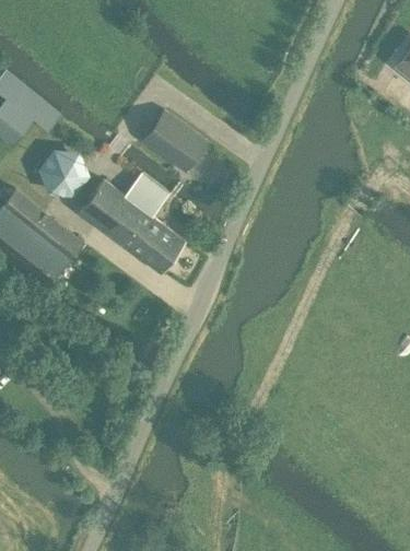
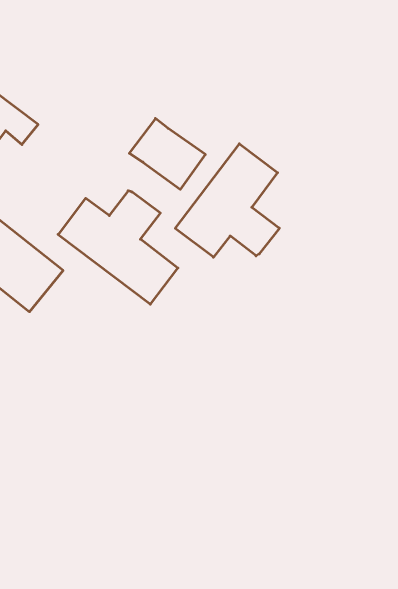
building: none -> [175,144,279,257]
building: [38,150,90,198] -> none

